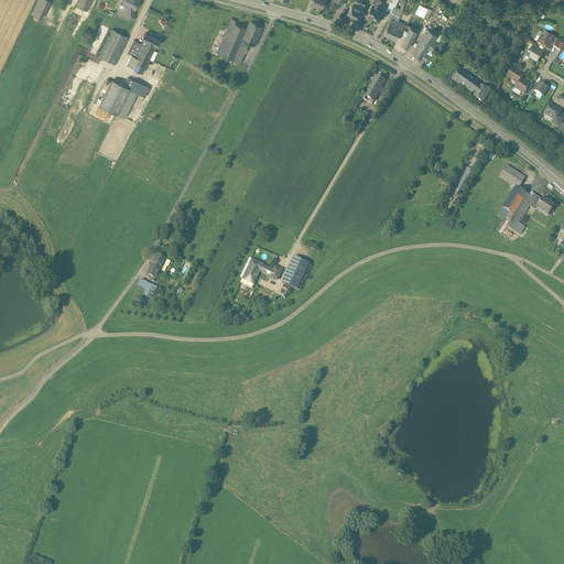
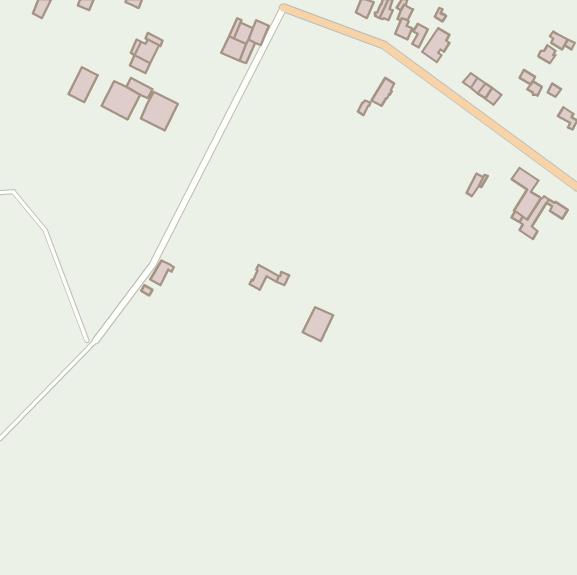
building: [99,29,128,63] -> [68,67,98,102]
building: none -> [141,92,178,131]
building: [282,257,312,290] -> [303,307,333,341]

